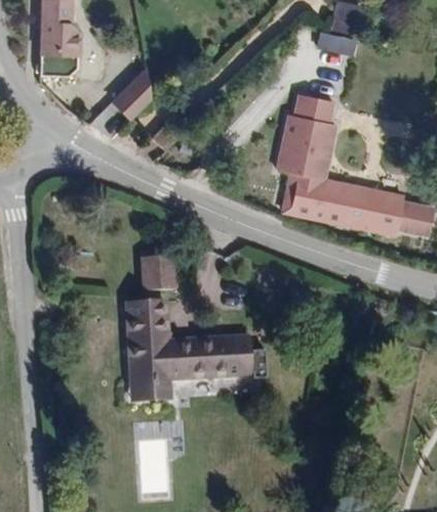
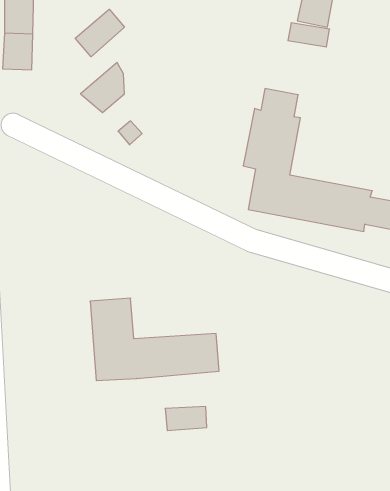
building: none -> [75,9,124,57]
building: [143,253,177,290] -> none
building: [132,380,173,403] -> [165,407,207,431]

